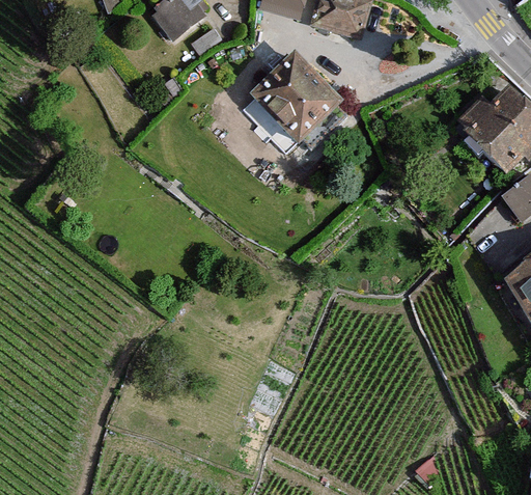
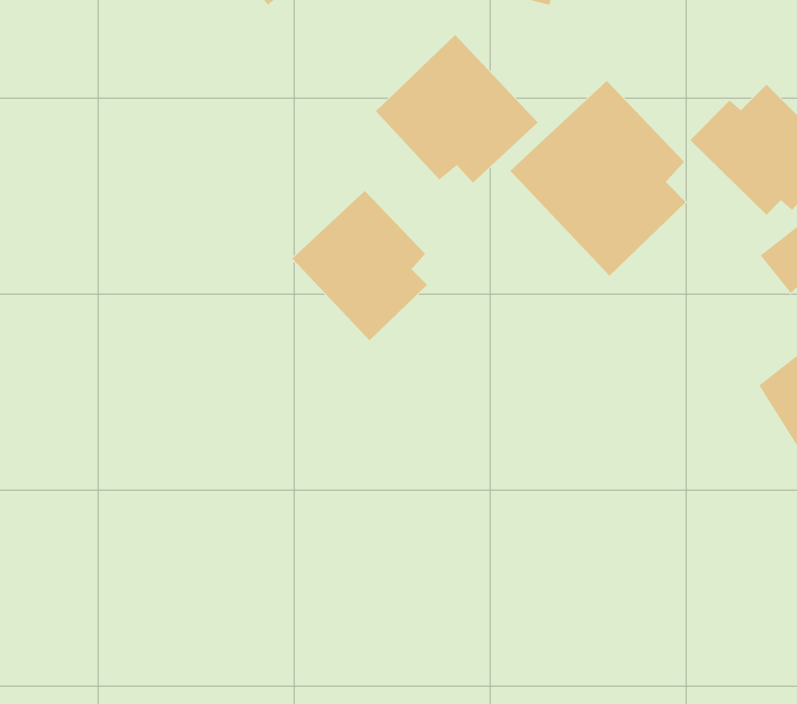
building: none -> [509,80,687,277]
building: none -> [291,190,428,341]

